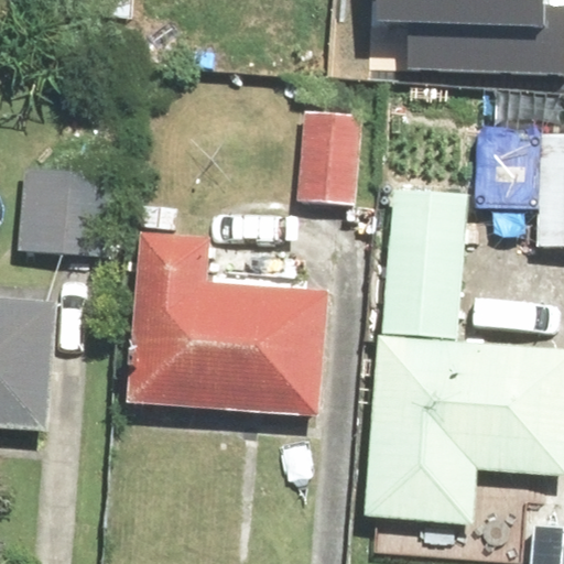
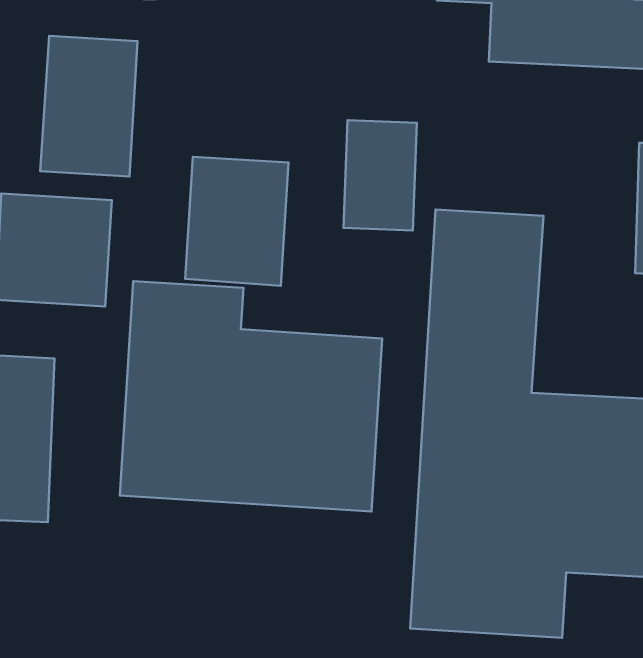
building: none -> [40,36,138,177]
building: none -> [185,157,289,286]

